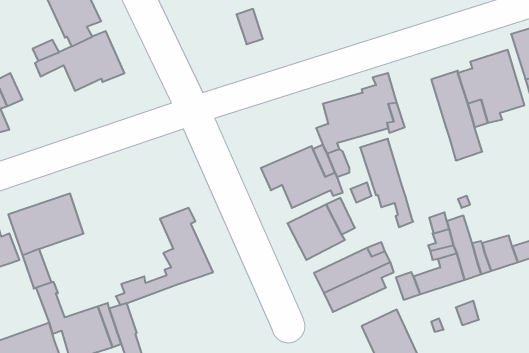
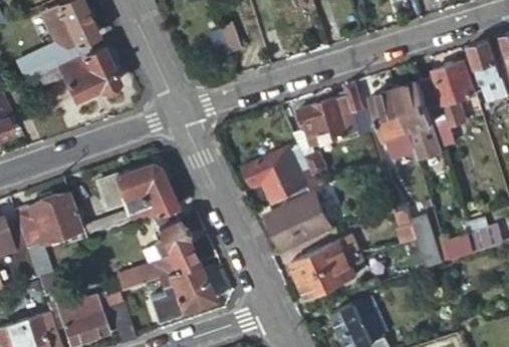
building: [360,139,413,227] -> [370,88,419,168]
building: none -> [80,163,176,241]
building: none -> [147,263,212,319]

